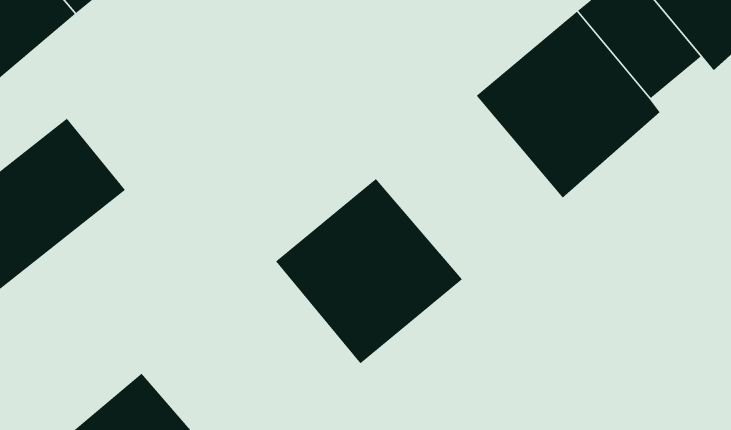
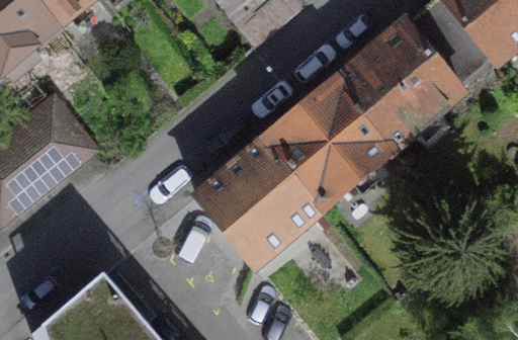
building: none -> [265,82,394,208]

